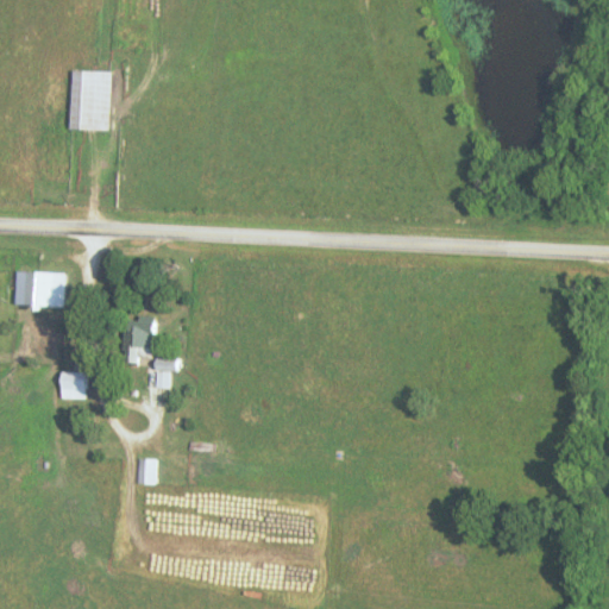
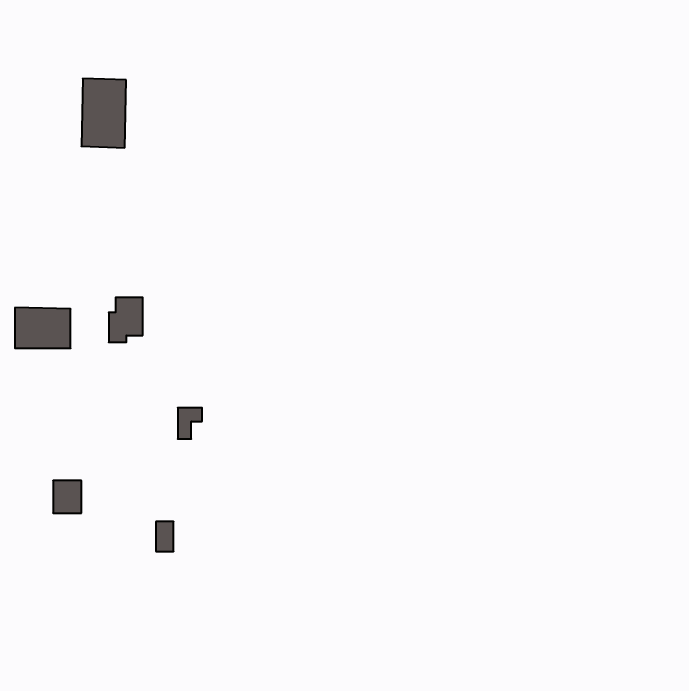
building: [124,316,153,356] -> [109,297,143,342]
building: [59,371,84,400] -> [53,481,81,513]

